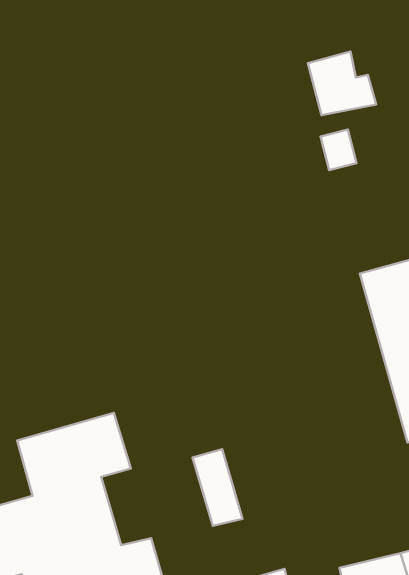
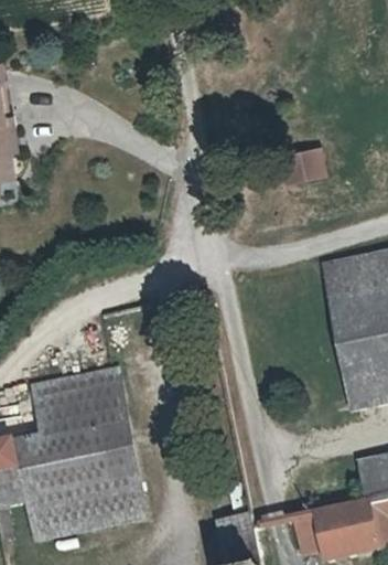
building: [308,52,376,115] -> none
building: [192,449,242,526] -> [98,417,137,481]

